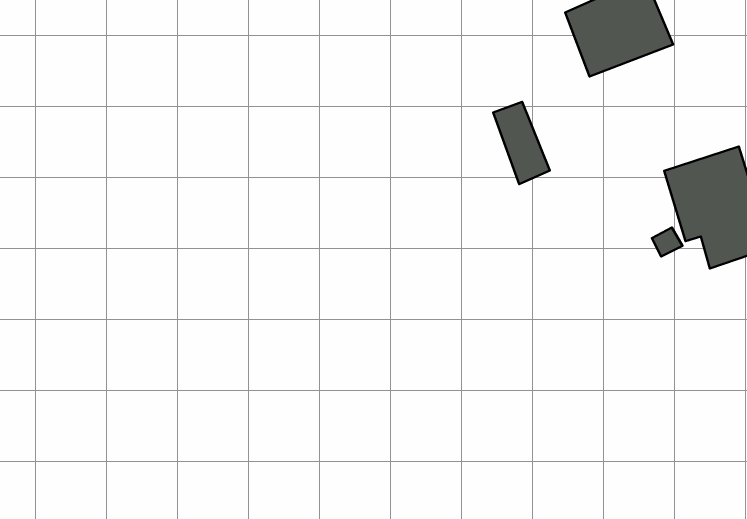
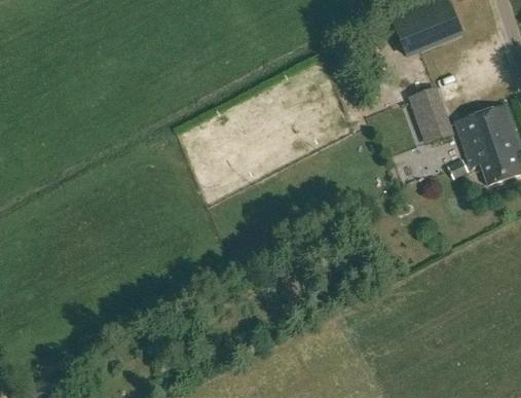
building: [493,102,550,184] -> [412,88,450,144]

